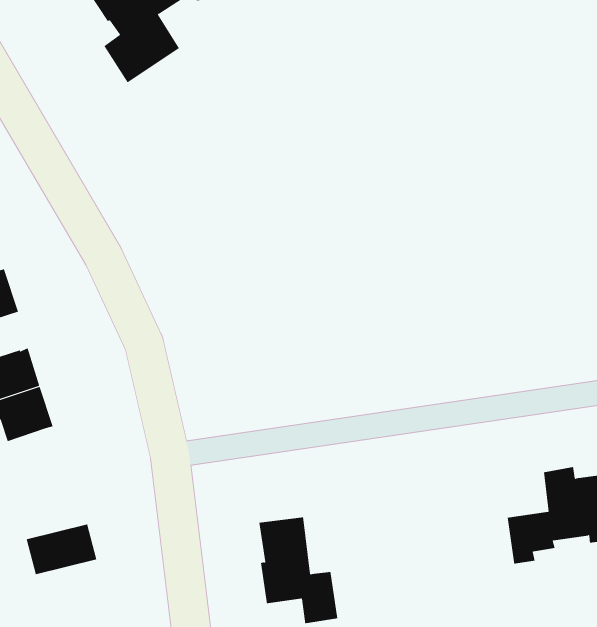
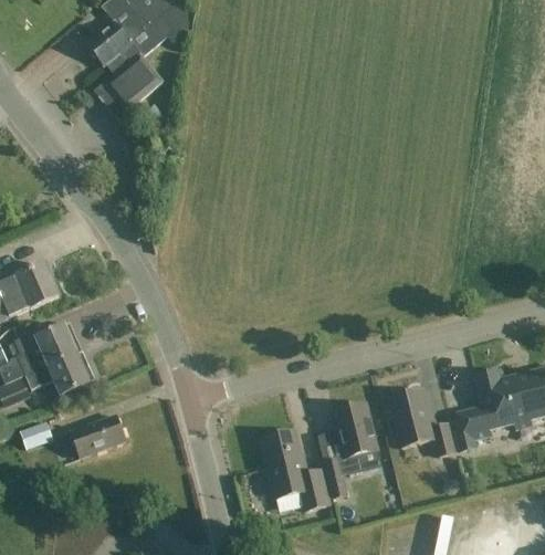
building: none -> [389,388,453,454]
building: none -> [324,404,377,496]
building: [26,524,97,575] -> [70,413,126,457]

